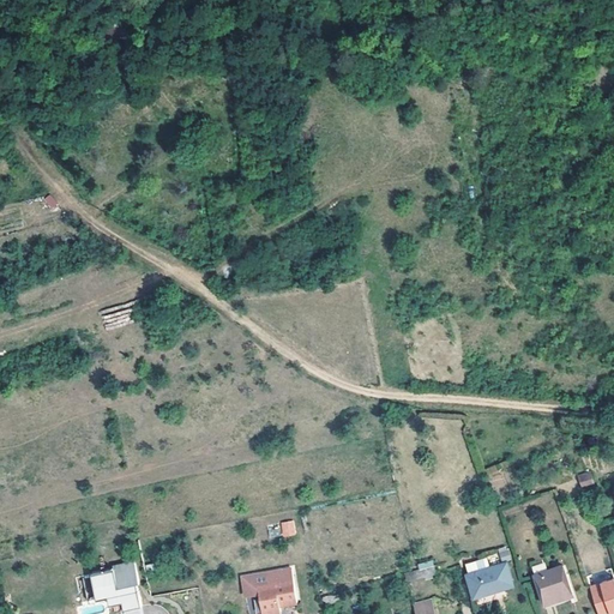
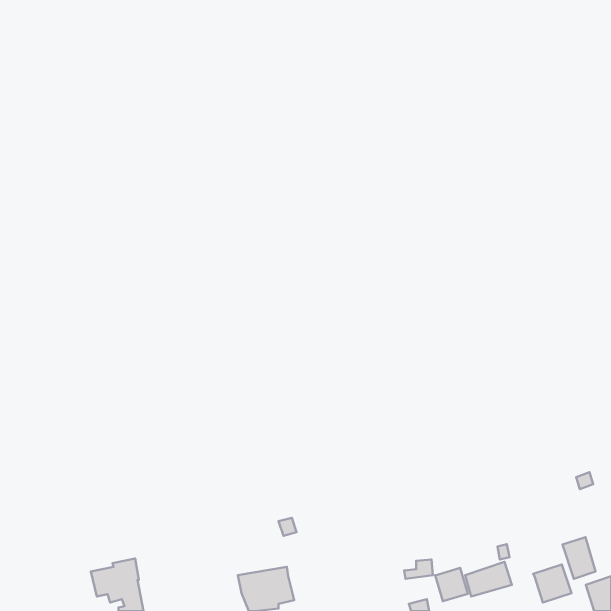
building: none -> [562,537,596,579]
building: none -> [435,568,468,601]

